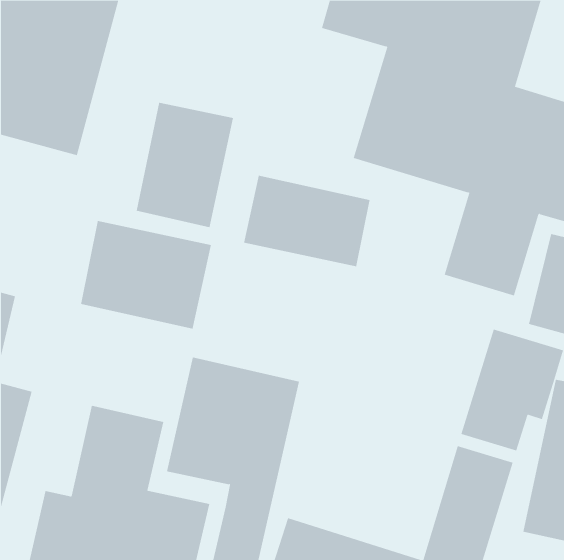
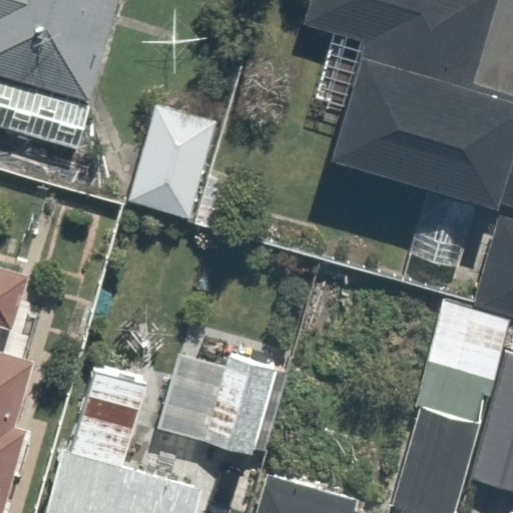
building: [244,175,370,267] -> none
building: [80,220,211,329] -> none

